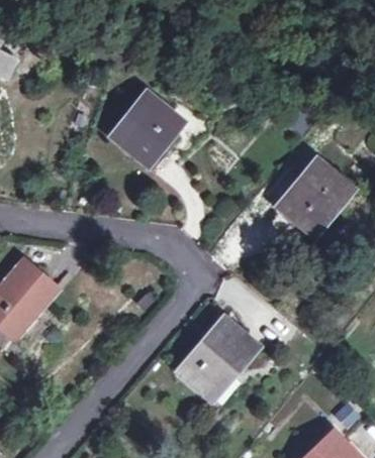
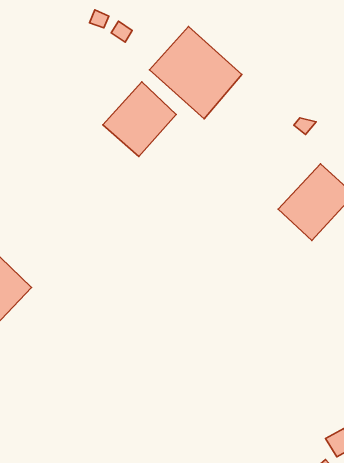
building: none -> [149,27,242,119]
building: [177,319,257,397] -> none

